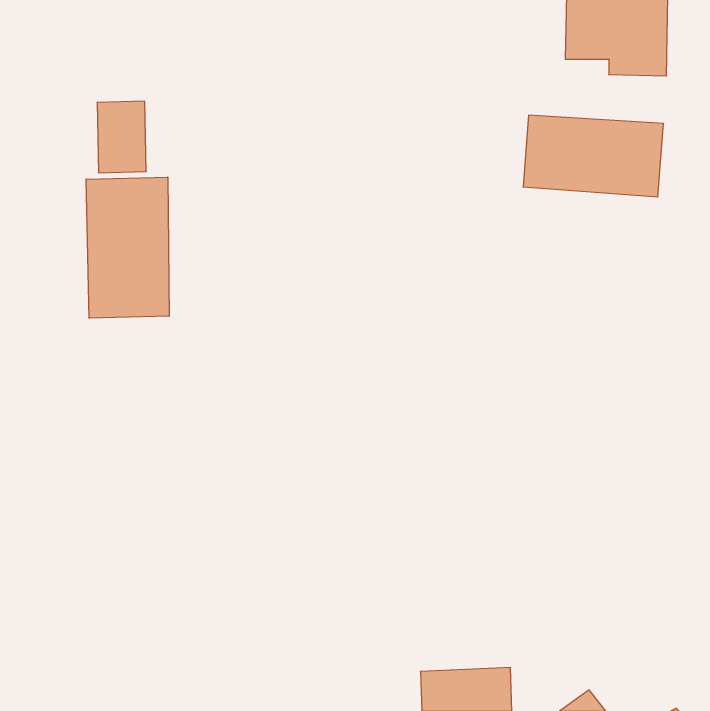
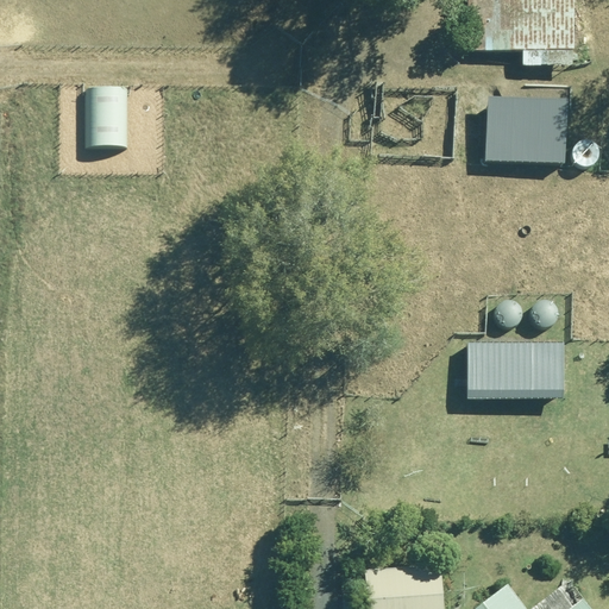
building: [86,177,169,318] -> none
building: none -> [465,341,564,397]

